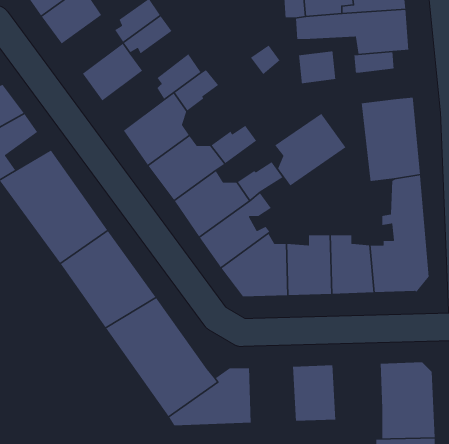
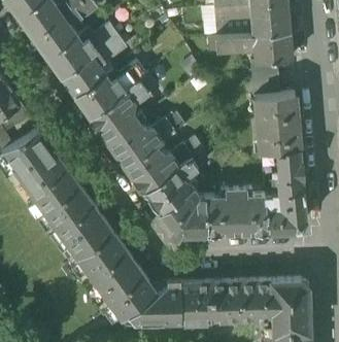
building: none -> [46,35,90,76]
building: [298,50,336,84] -> [256,73,282,97]
building: none -> [75,74,118,116]
building: [274,113,347,187] -> none
building: none -> [238,280,272,320]
building: none -> [179,282,211,322]

